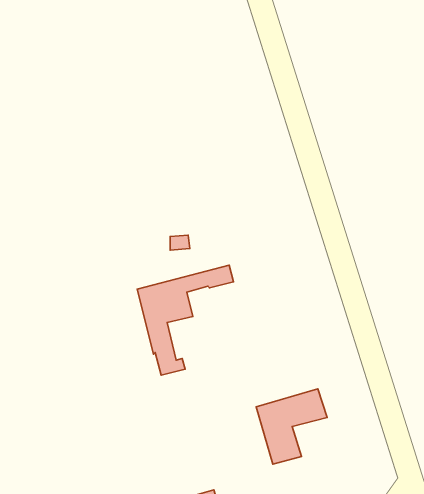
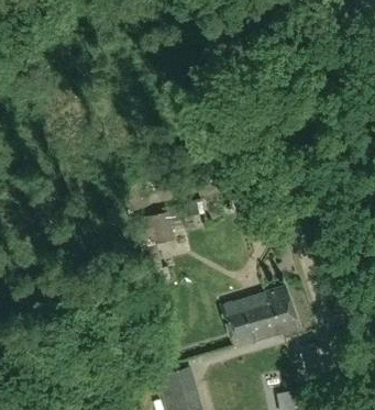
building: none -> [249,287,298,341]

